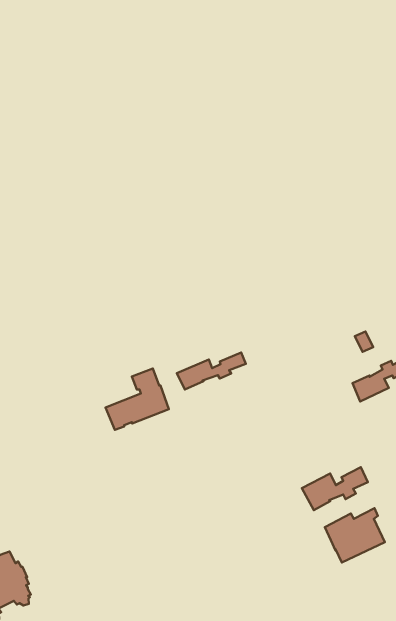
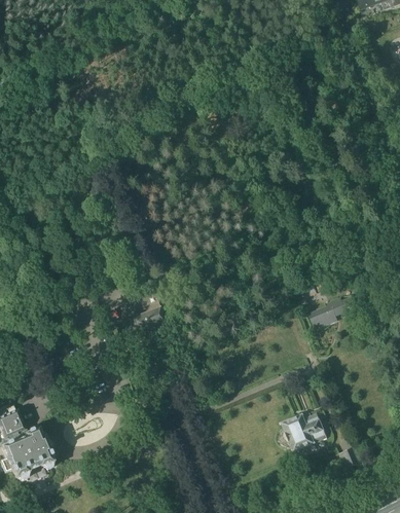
building: [177,352,246,390] -> none
building: [302,467,368,510] -> none

